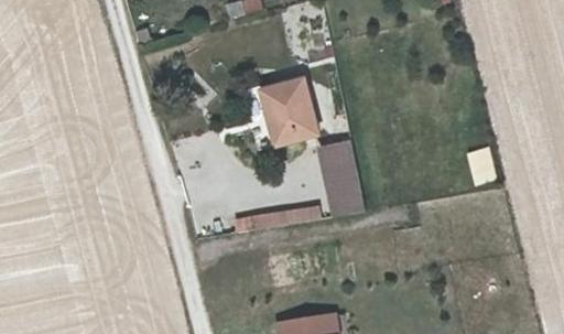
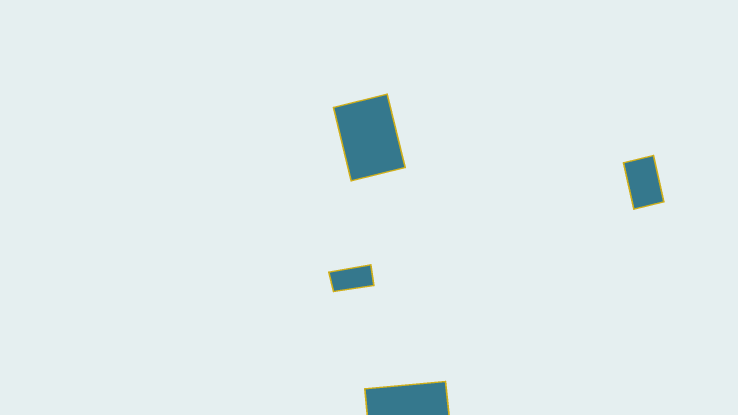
building: [318,143,364,218] -> none

